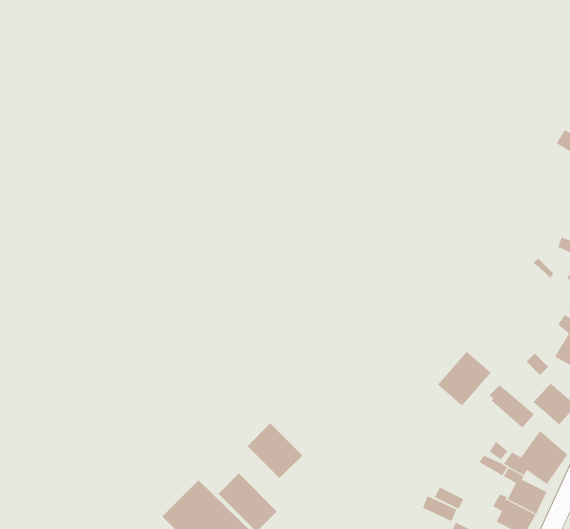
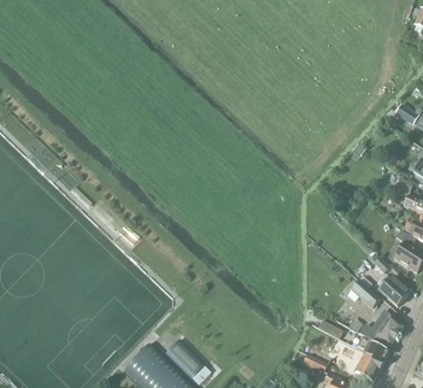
building: [437,351,492,407] -> none
building: [247,423,303,479] -> none

